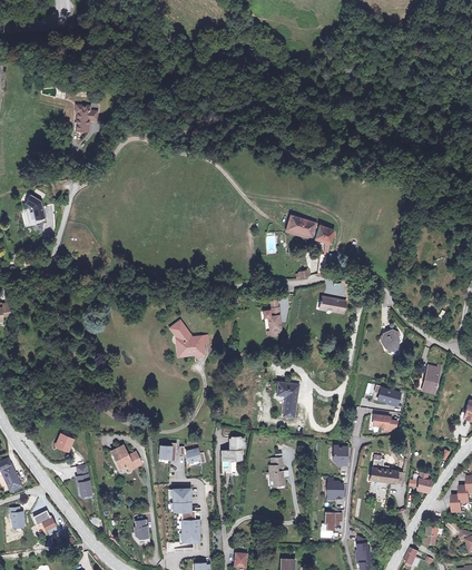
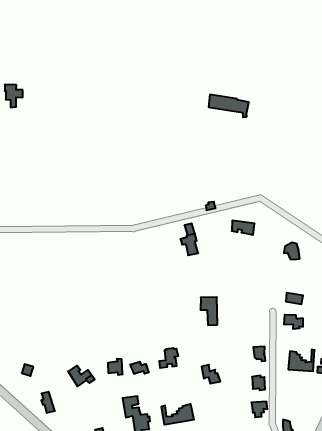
building: [285,215,333,246] -> [209,95,249,117]
building: [169,322,203,356] -> none
building: none -> [162,404,194,425]

